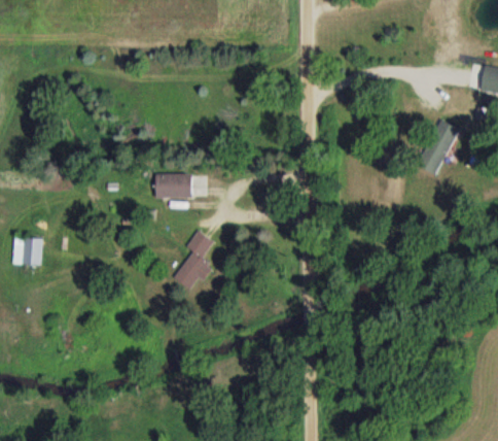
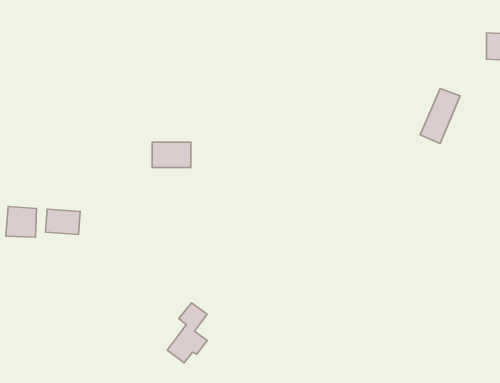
building: [174,231,213,290] -> [167,303,207,363]
building: none -> [45,209,80,235]

